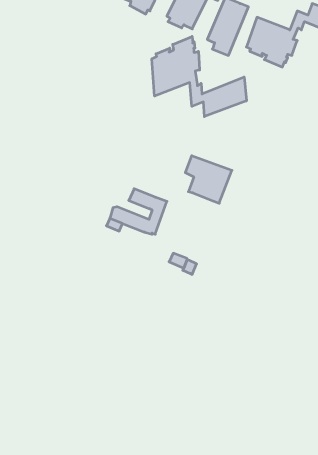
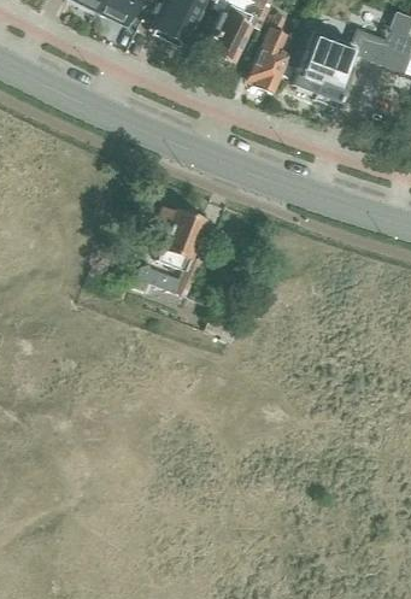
building: [152,36,246,117] -> none
building: [185,156,232,203] -> [157,201,210,256]

